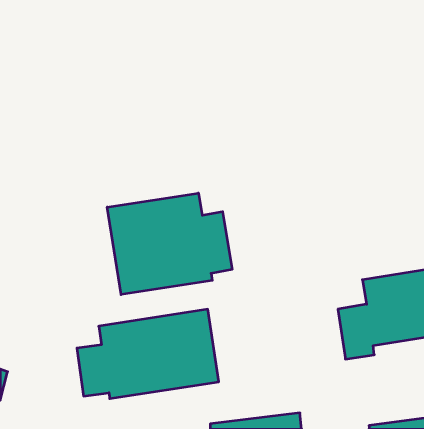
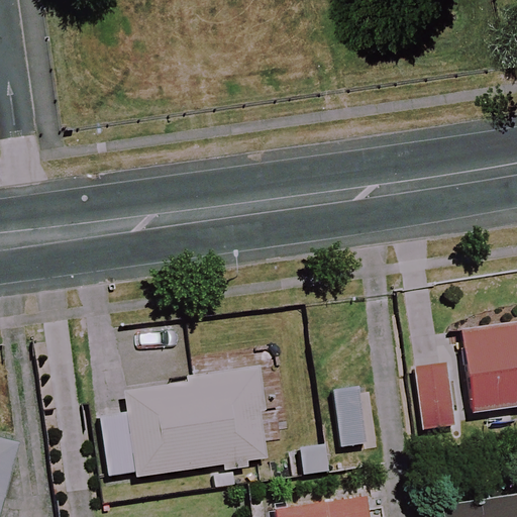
building: [107,193,232,295] -> none

